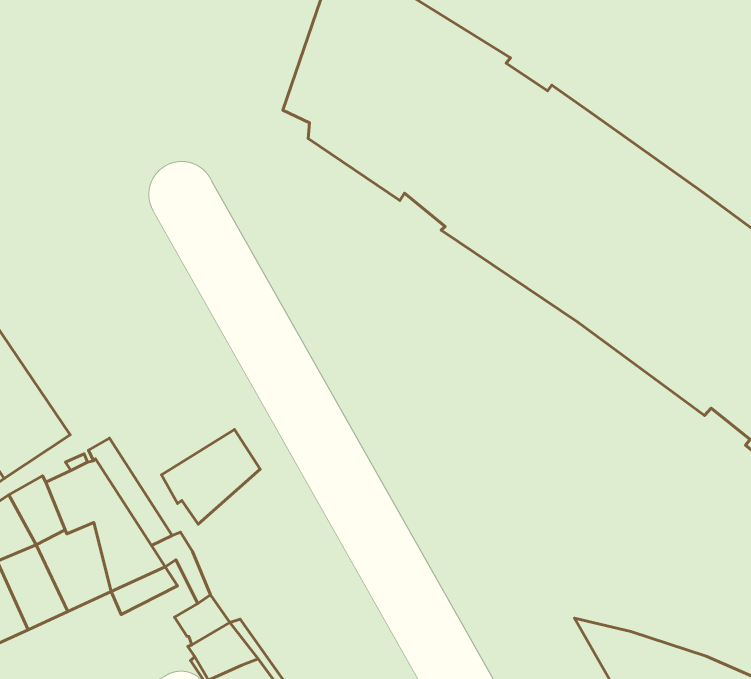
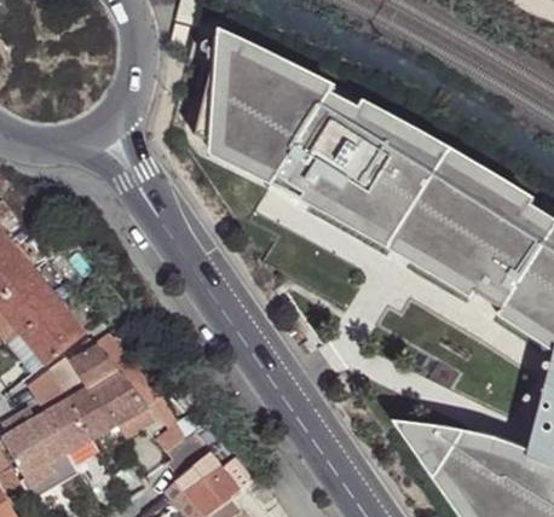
building: [161,429,260,524] -> none

